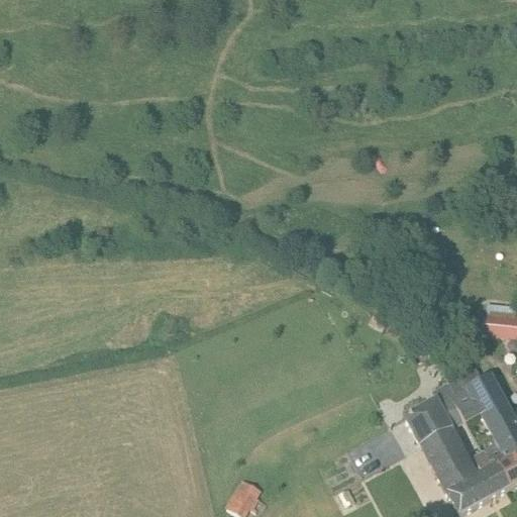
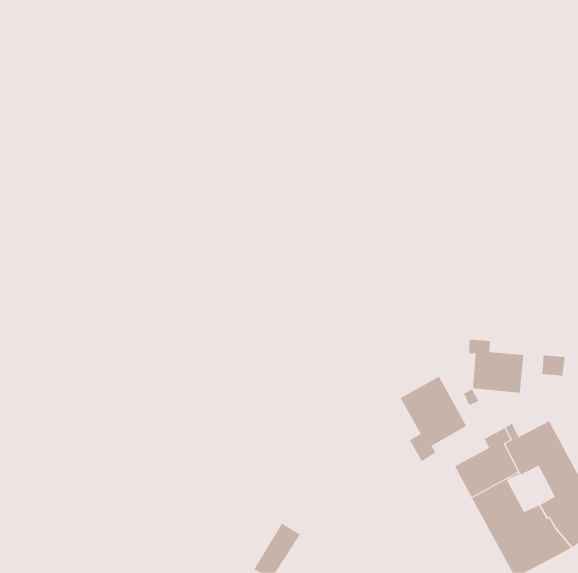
building: none -> [469,339,524,394]
building: none -> [400,376,467,462]

